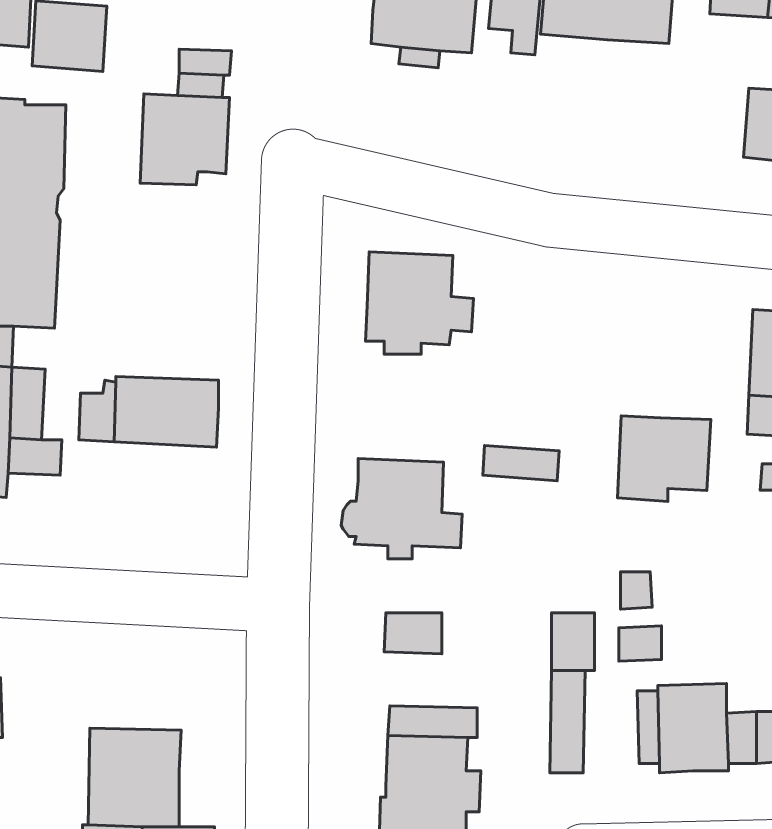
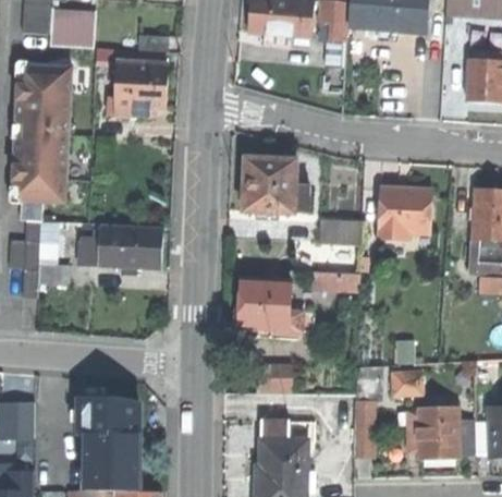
building: none -> [320,219,362,243]
building: [618,416,711,501] -> [377,190,431,240]
building: none -> [78,399,138,435]

